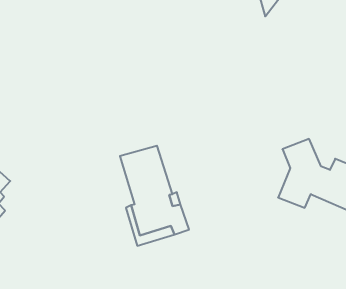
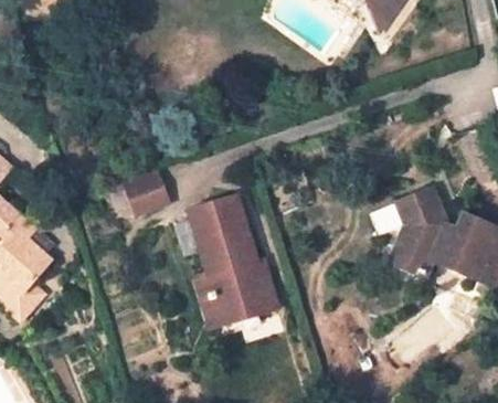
building: none -> [121,172,171,219]

